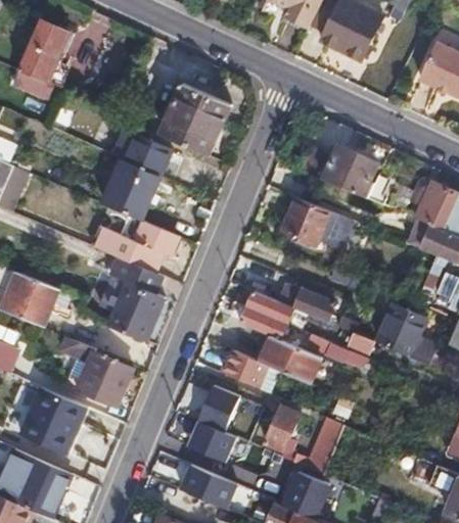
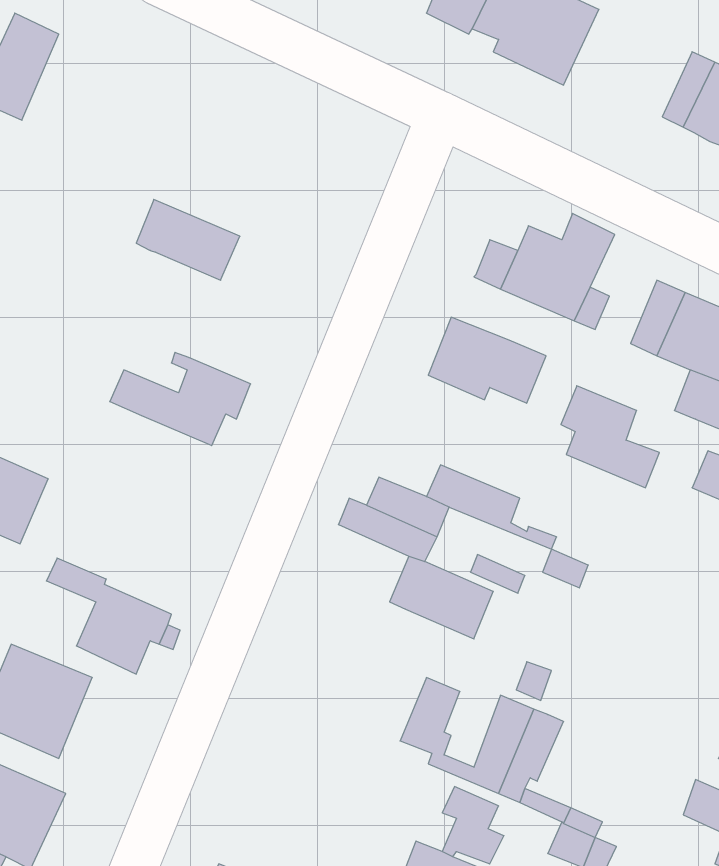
building: [162,84,231,155] -> none
building: [100,157,160,220] -> none
building: [99,253,167,341] -> none
building: [381,304,439,364] -> [561,386,659,488]
building: [225,350,268,387] -> none
building: [187,381,242,460] -> none
building: [180,463,236,508] -> none

